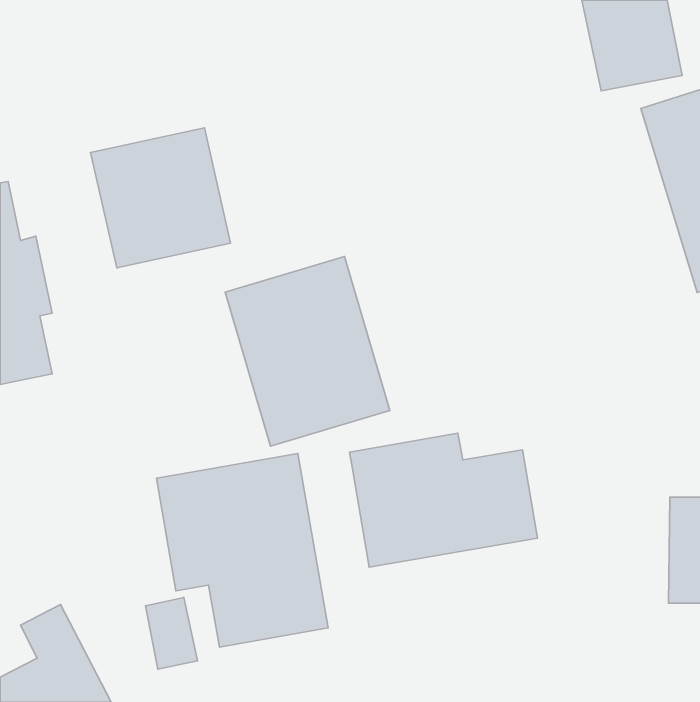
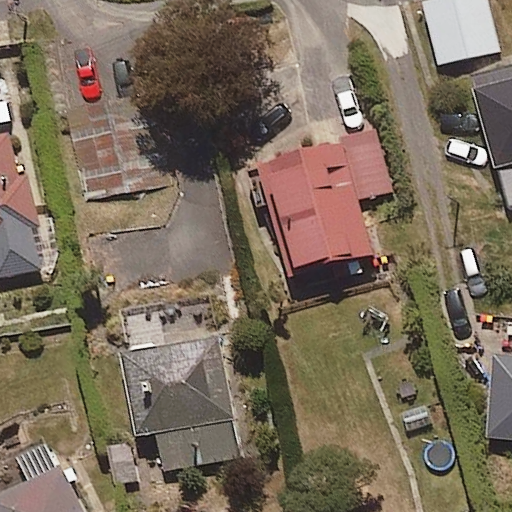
building: [225,257,390,446] -> [254,136,374,274]
building: [349,433,537,567] -> none

